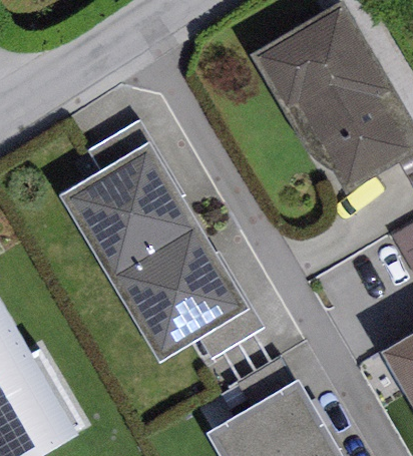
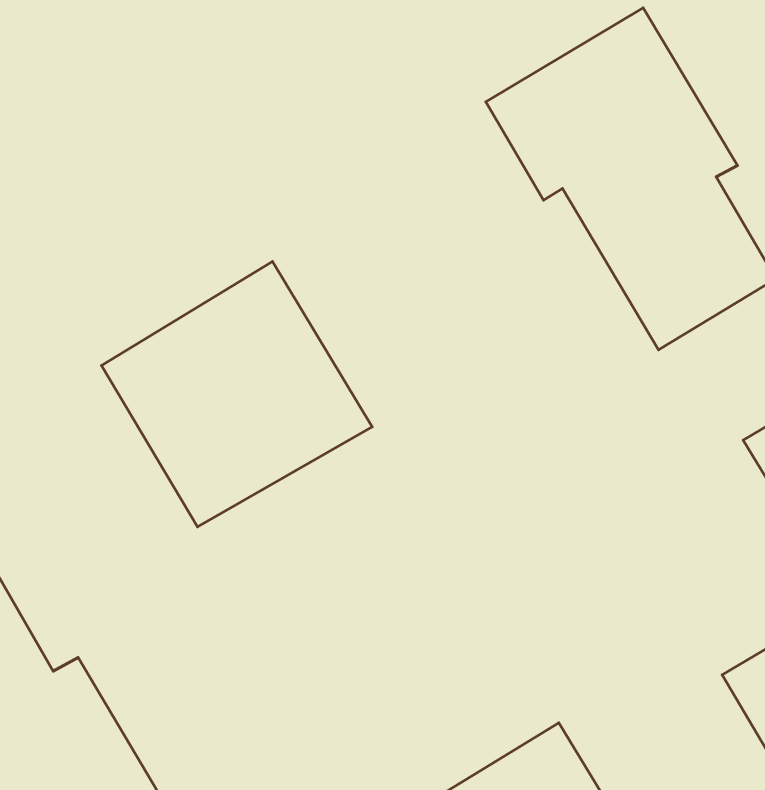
building: [106,224,248,362] -> none

